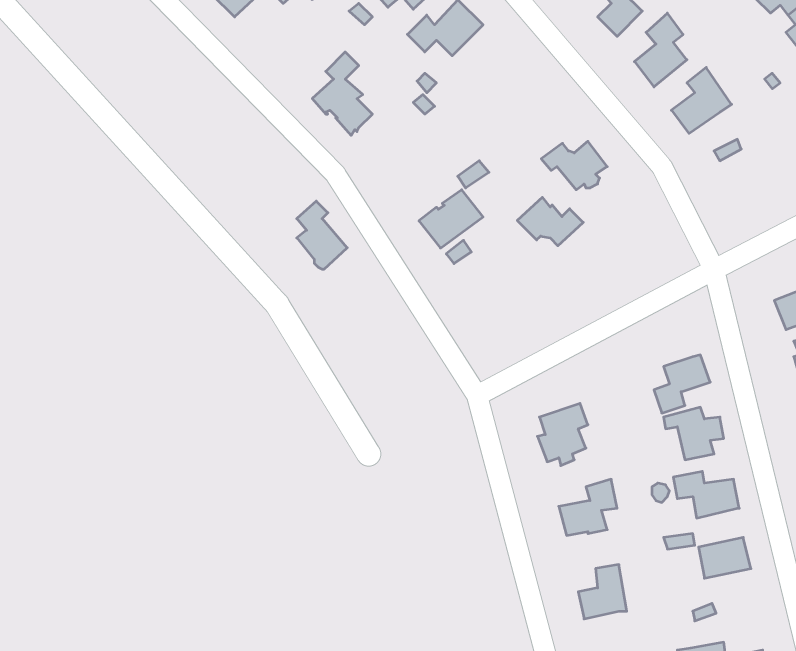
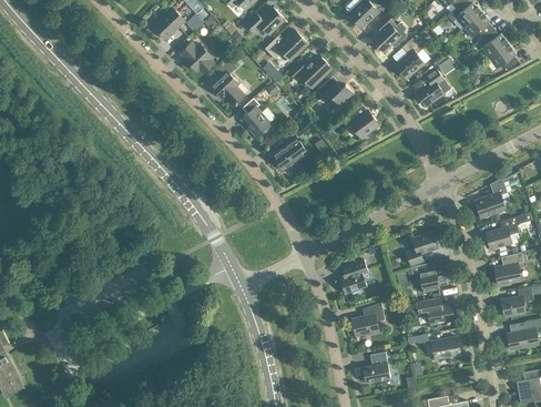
building: none -> [180,43,212,72]
building: none -> [289,55,329,85]
building: [517,197,583,246] -> [315,78,353,105]
building: [297,201,347,269] -> [241,98,269,136]

